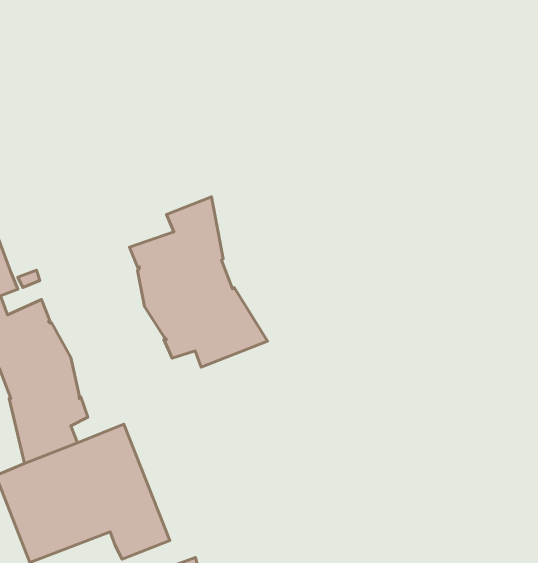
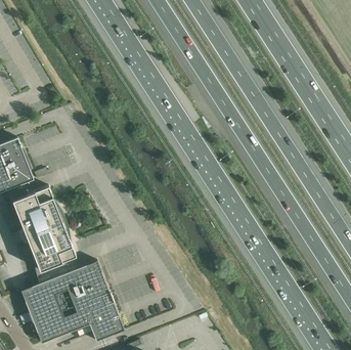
building: [130,197,267,367] -> none

